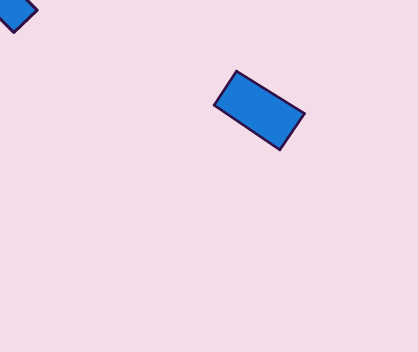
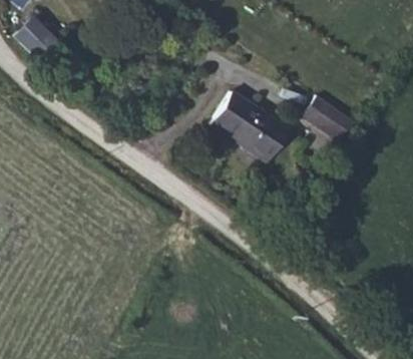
building: none -> [302,92,356,137]

